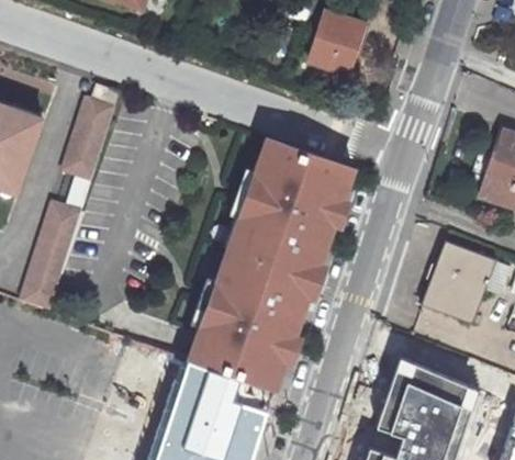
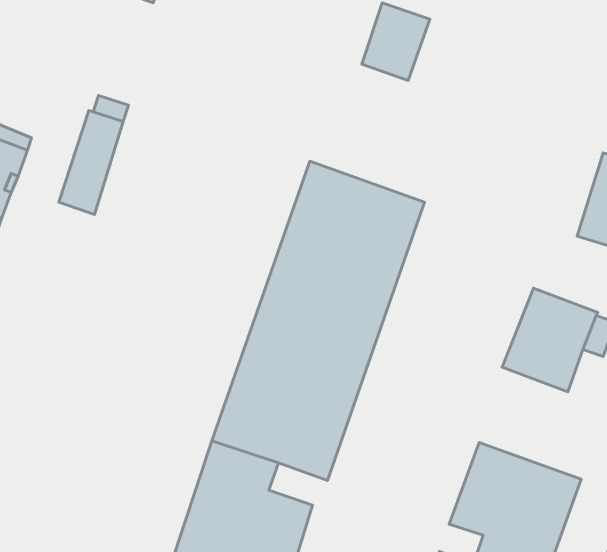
building: [21,202,80,310] -> none

